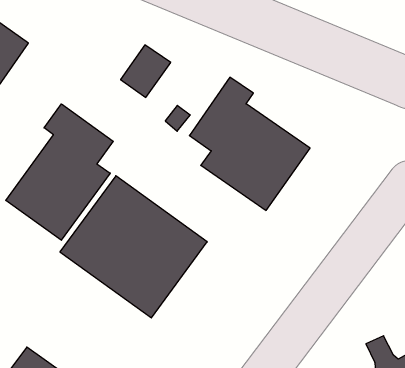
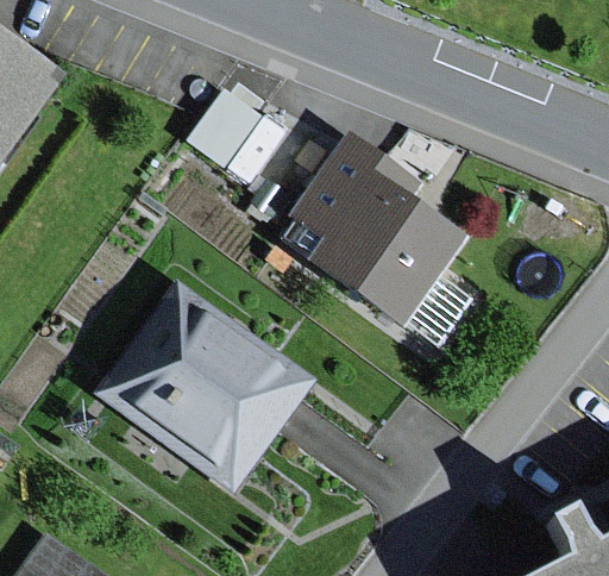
building: [6,104,113,240] -> none

